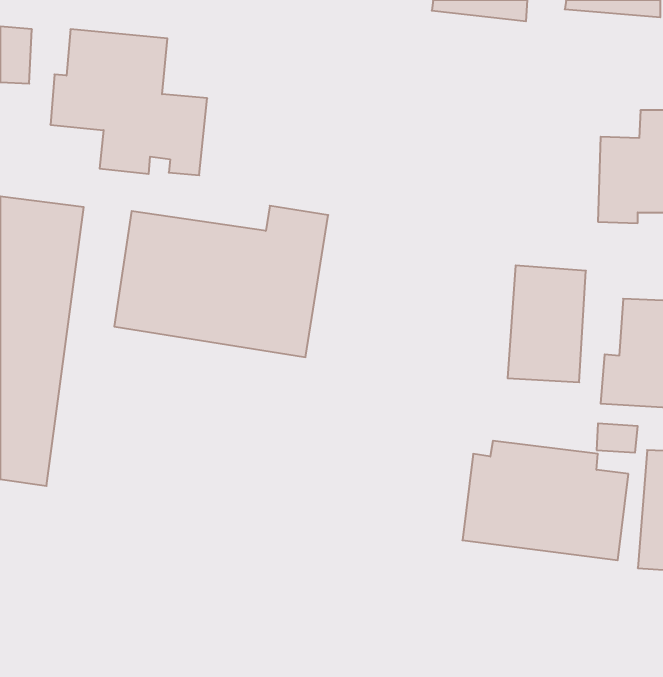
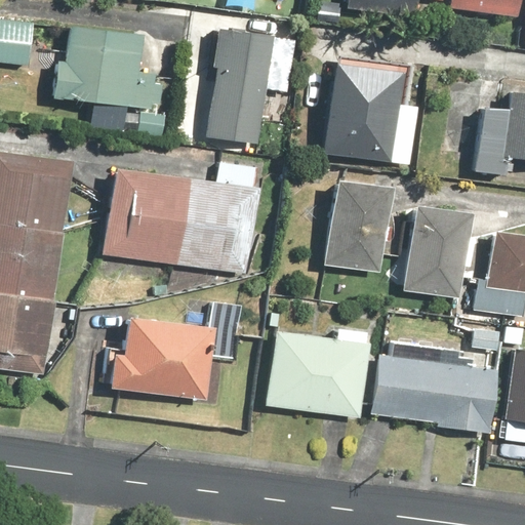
building: none -> [207,12,296,139]
building: none -> [321,63,401,160]
building: none -> [322,175,388,272]
building: none -> [106,301,252,401]
building: none -> [266,332,369,416]

